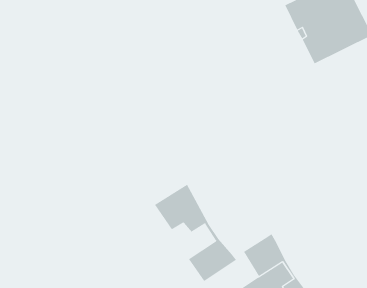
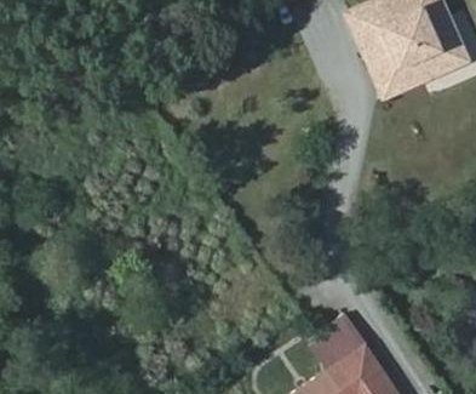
building: [154,184,237,282] -> none

